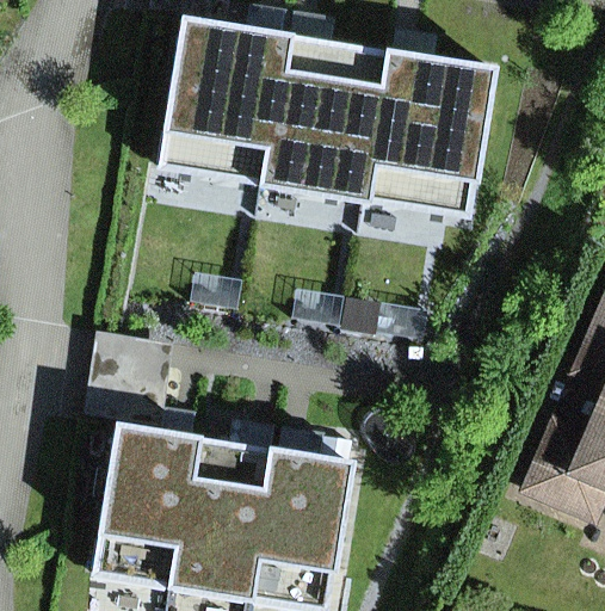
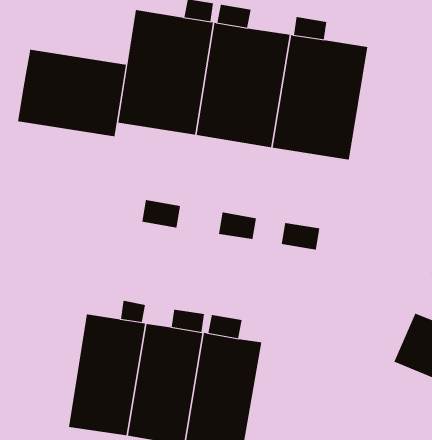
building: none -> [18,49,127,137]

